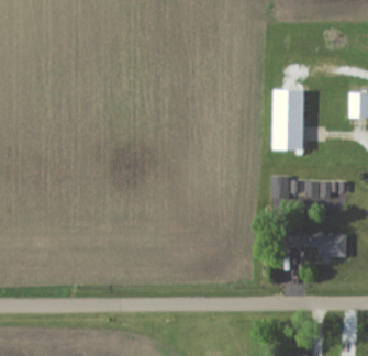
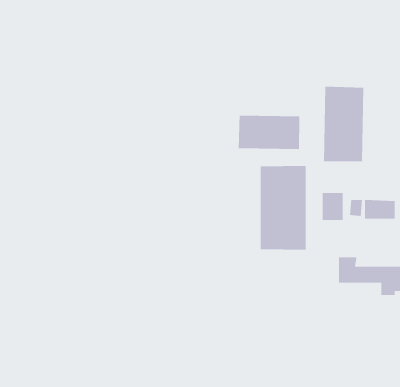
building: none -> [238,115,300,150]
building: none -> [260,165,306,251]

